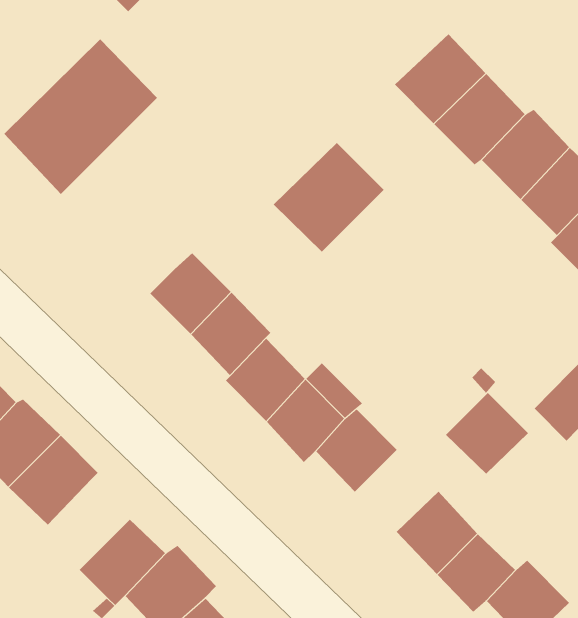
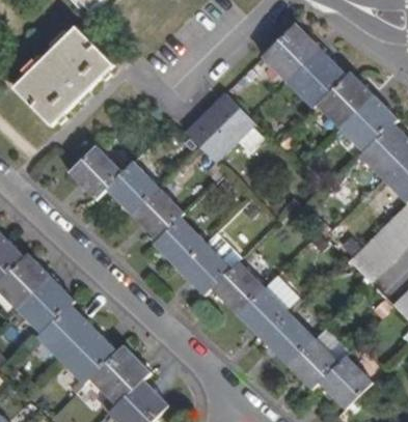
building: none -> [70,146,123,198]
building: [445,392,529,474] -> [237,286,290,338]
building: none -> [38,305,94,362]

